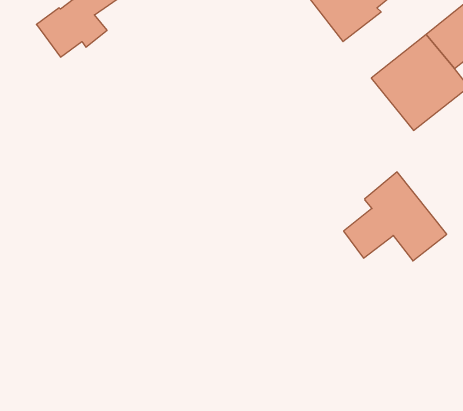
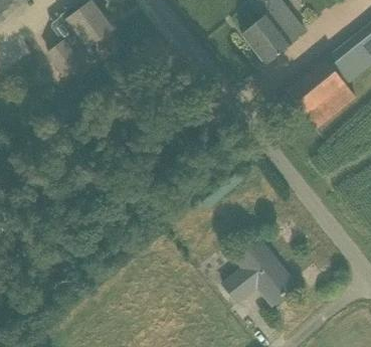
building: [344,172,447,261] -> [222,241,296,305]

